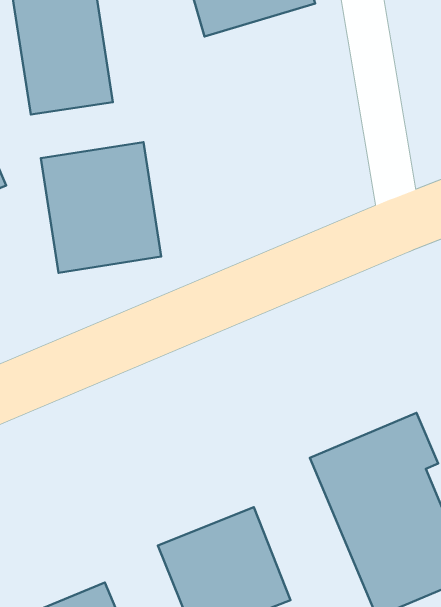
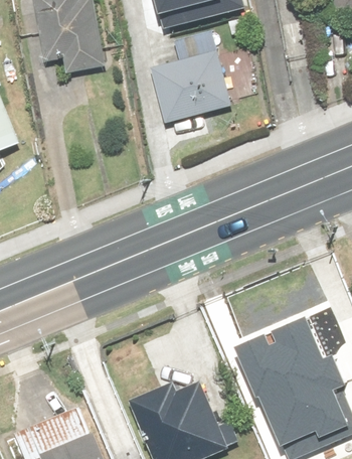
building: none -> [146,43,248,129]
building: [41,142,161,273] -> none

